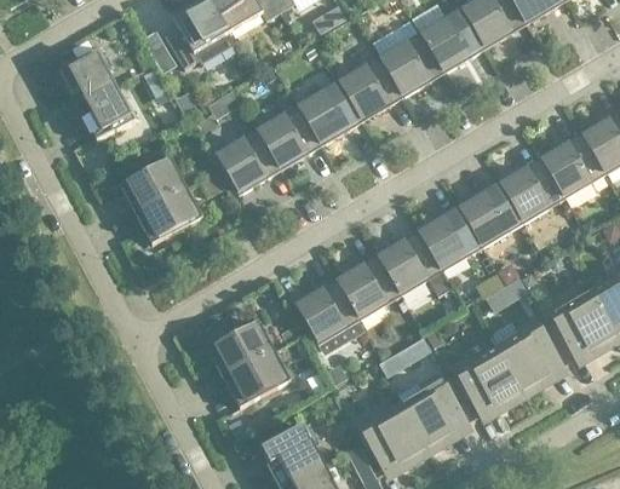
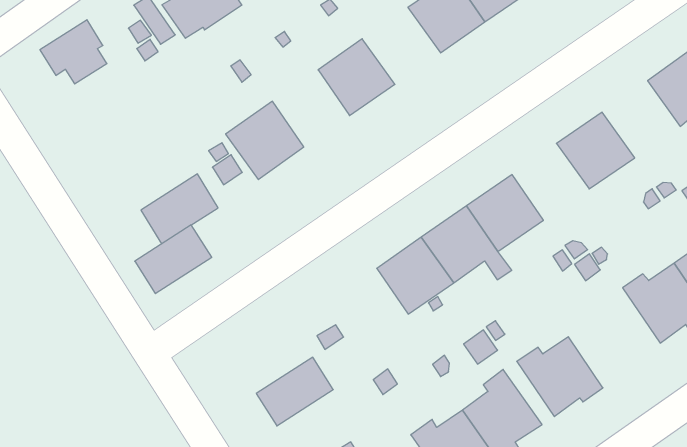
building: [337,54,403,120] -> none
building: [85,85,139,140] -> none
building: [256,103,321,168] -> none
building: [539,132,605,197] -> none
building: [120,156,186,213] -> [135,225,212,294]
building: [458,180,523,246] -> none
building: [293,277,360,344] -> none
building: [496,316,563,393] -> none
building: [207,320,275,378] -> none

